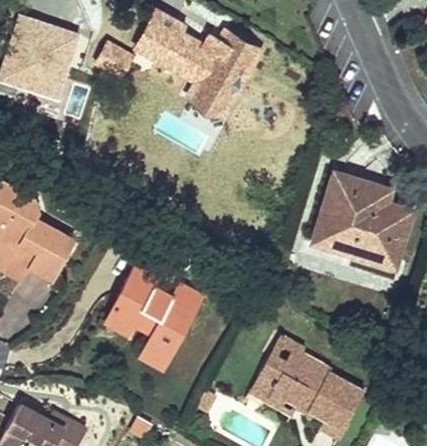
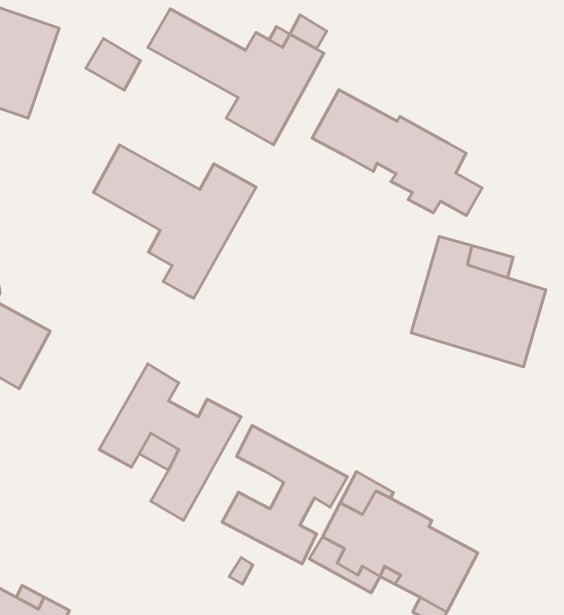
building: none -> [312,90,482,215]
building: none -> [94,145,256,298]
building: none -> [222,425,348,564]

